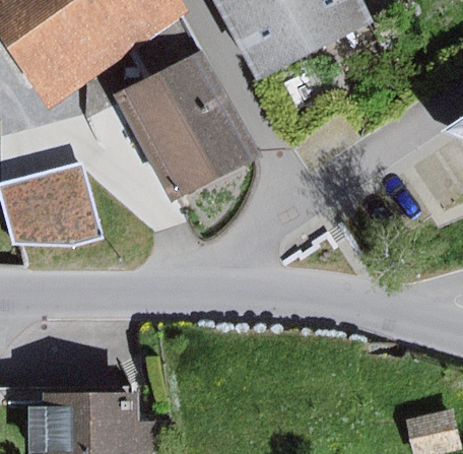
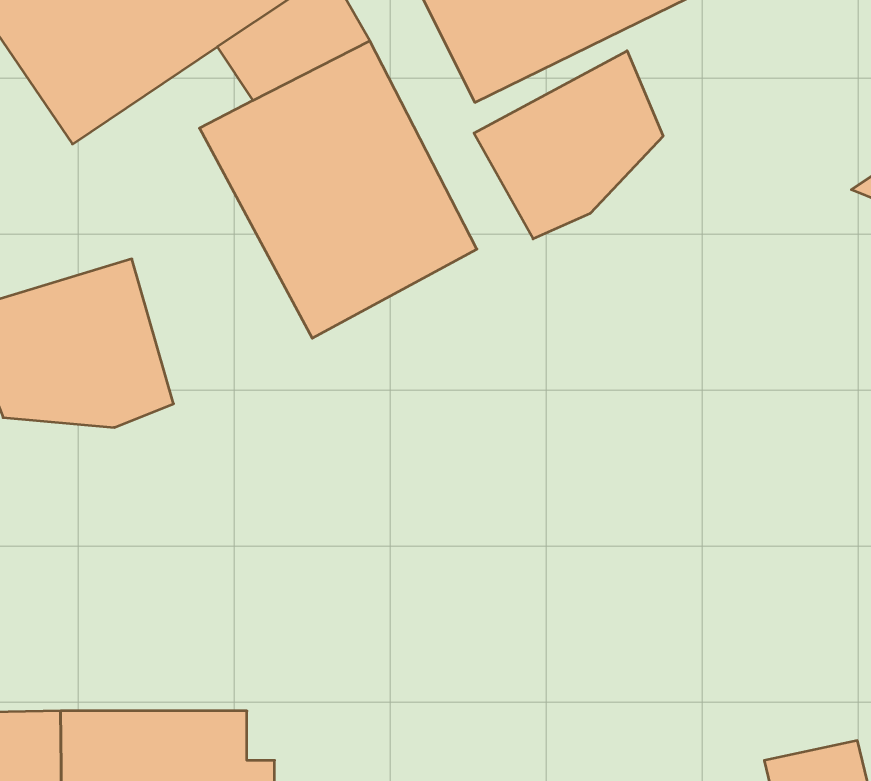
building: none -> [474,51,663,239]

